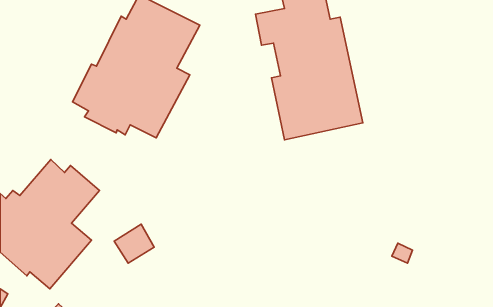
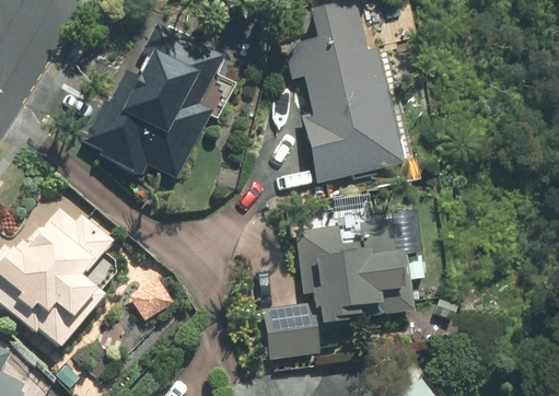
building: none -> [264,219,416,360]

